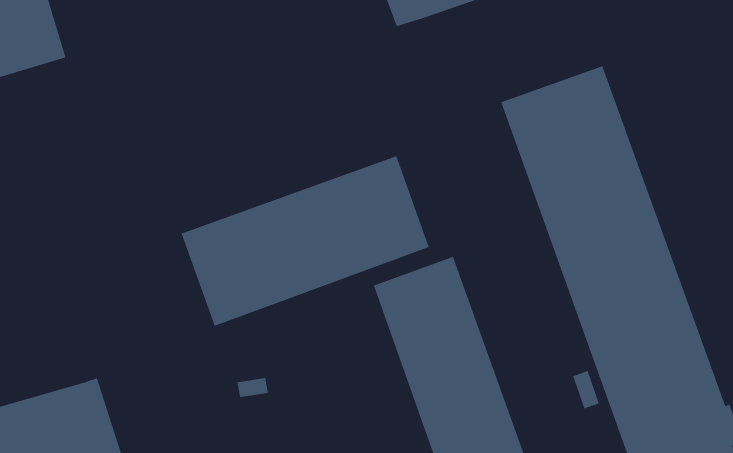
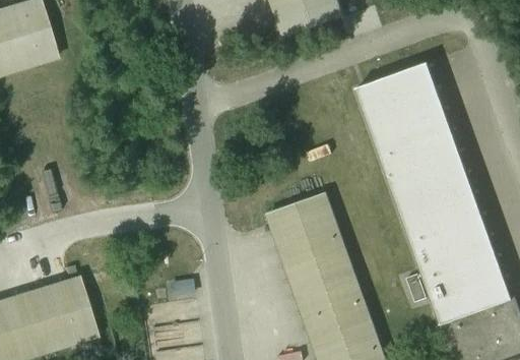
building: [180,155,430,327] -> none

